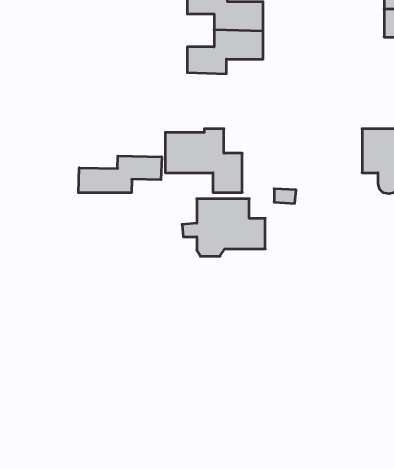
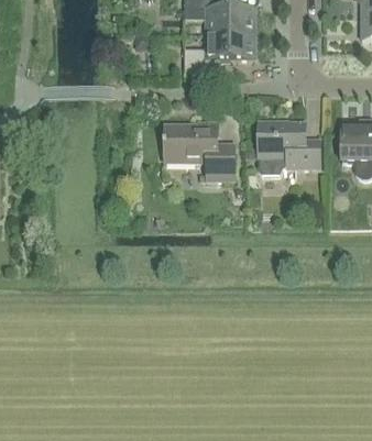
building: [78,156,162,193] -> none
building: [182,199,265,256] -> [244,122,319,174]

